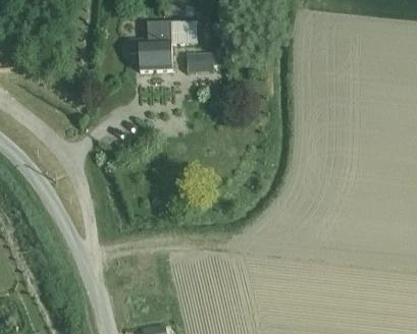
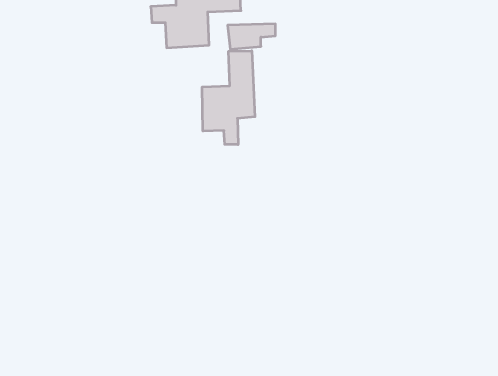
building: none -> [202,51,255,145]

